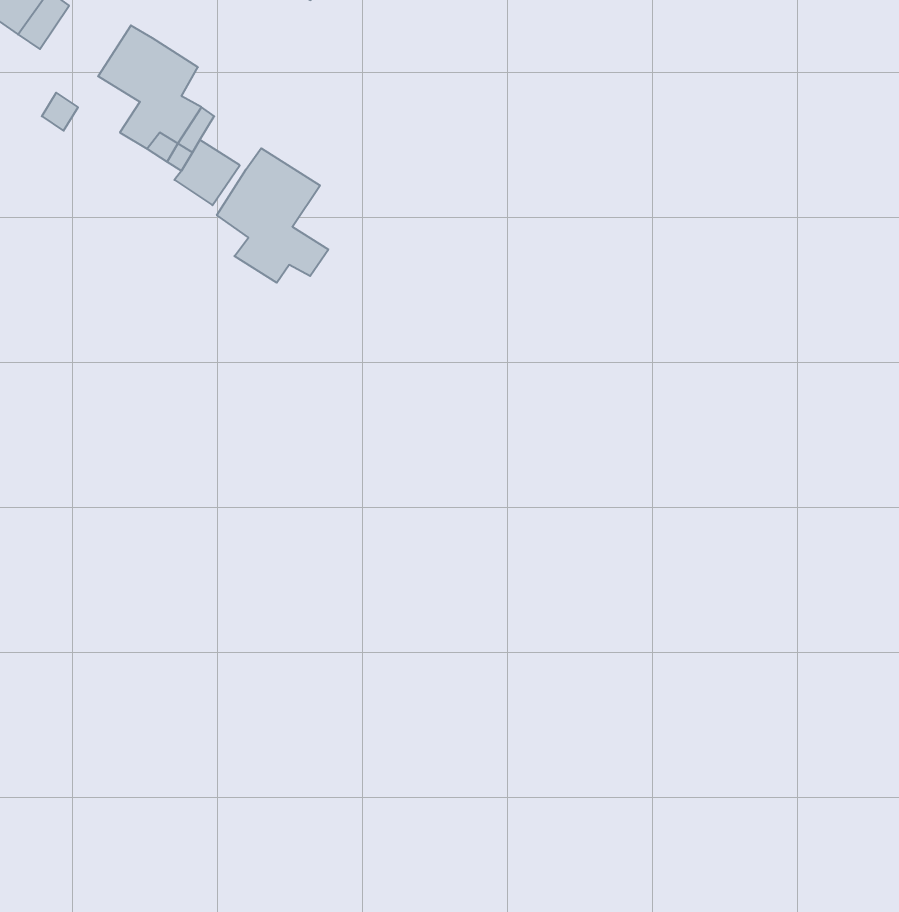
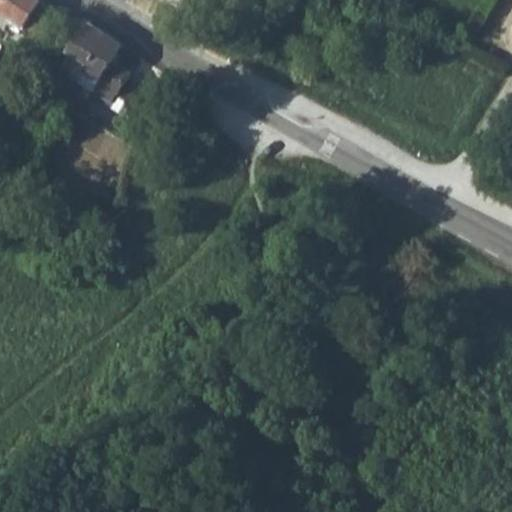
building: [217,148,328,283] -> none

